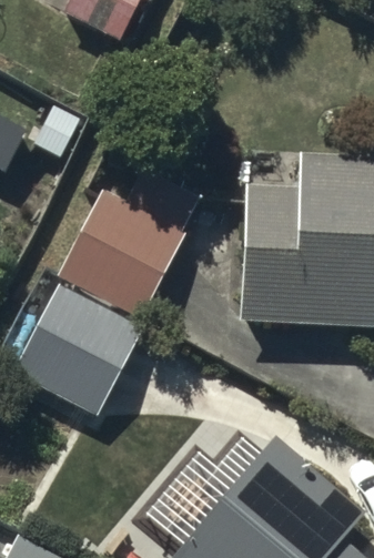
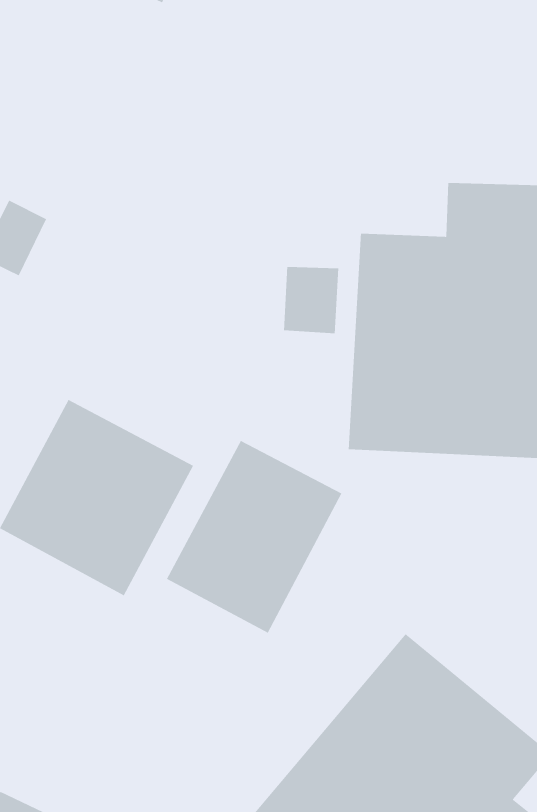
building: [57,156,198,313] -> none
building: none -> [166,440,342,634]

